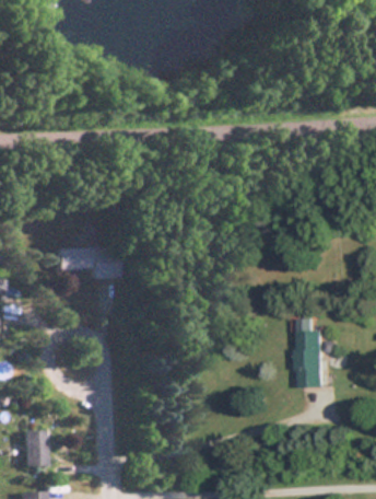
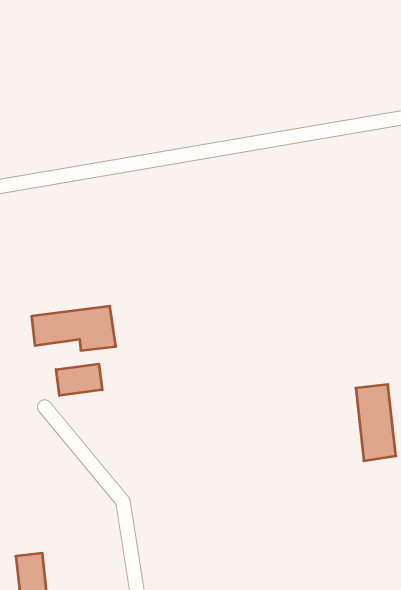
building: none -> [56,364,102,396]

